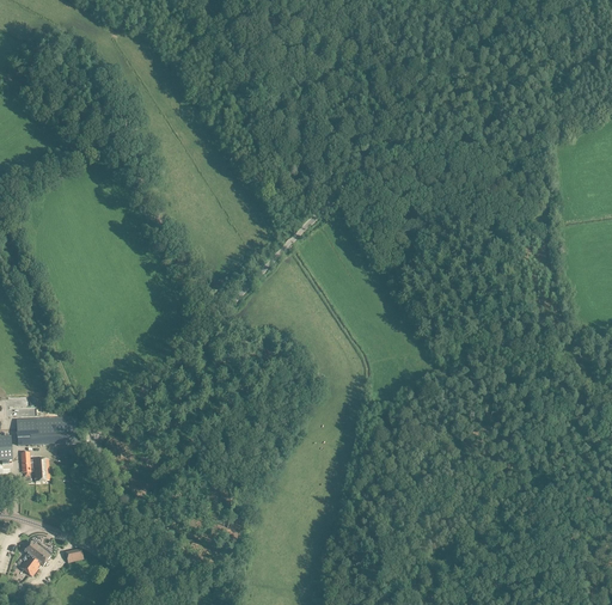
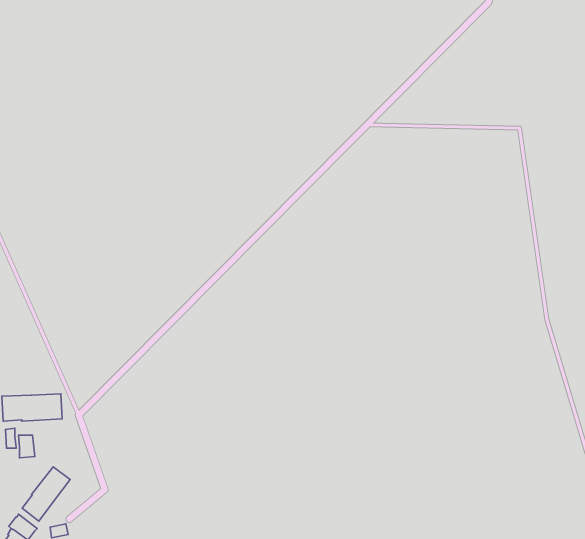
building: none -> [22,467,70,521]

